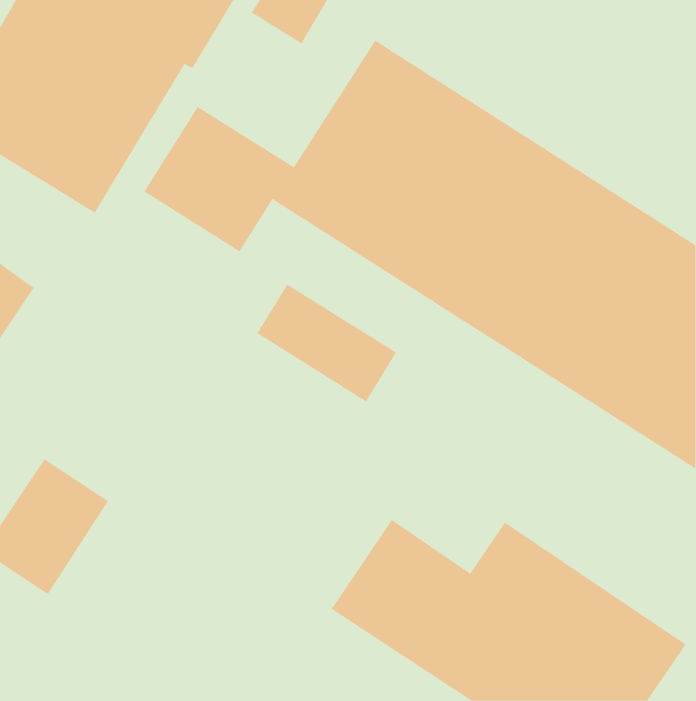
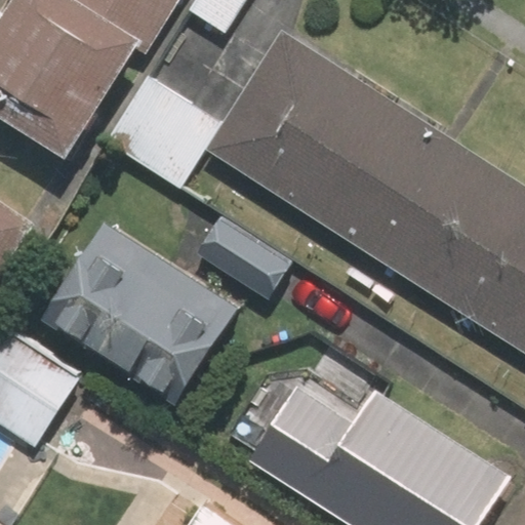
building: none -> [54,234,238,399]

